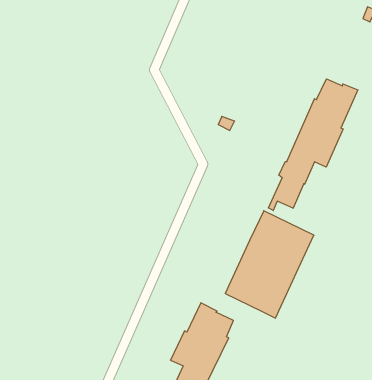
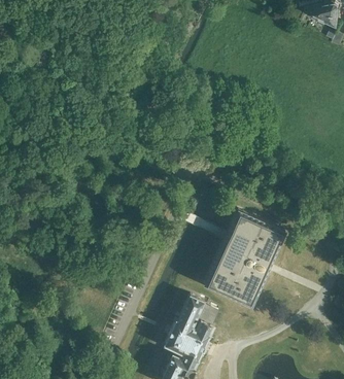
building: [268,79,358,211] -> none

